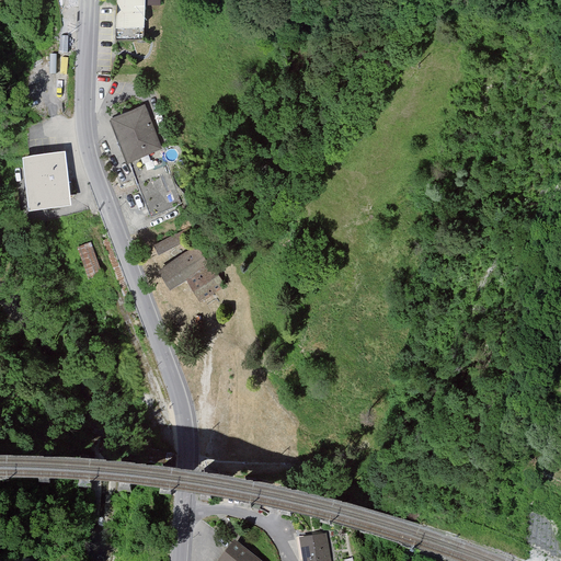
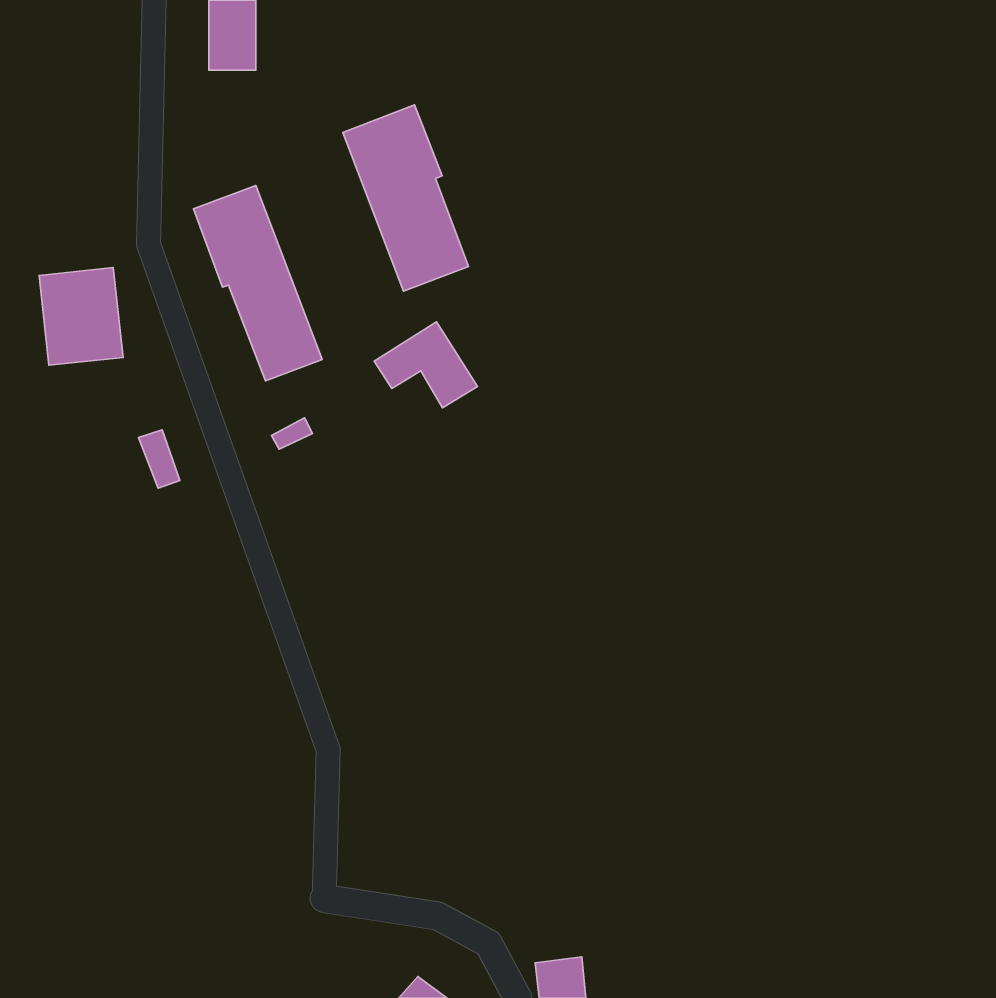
building: none -> [343,105,468,291]
building: [162,250,220,298] -> [374,322,478,408]

